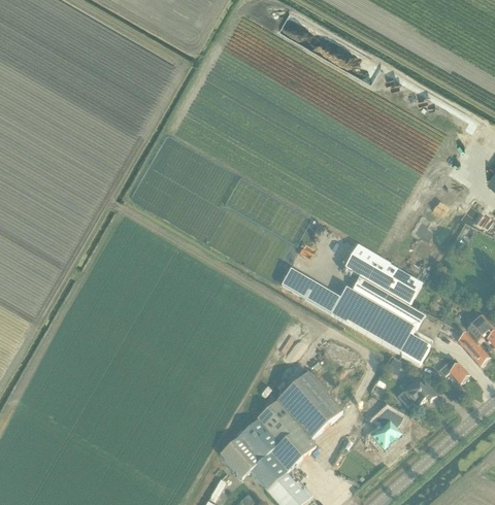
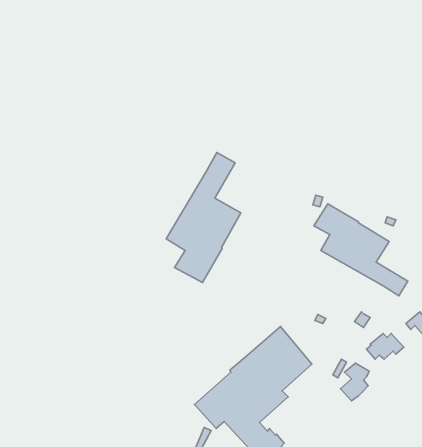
building: none -> [166,152,241,282]
building: [280,269,429,363] -> none

